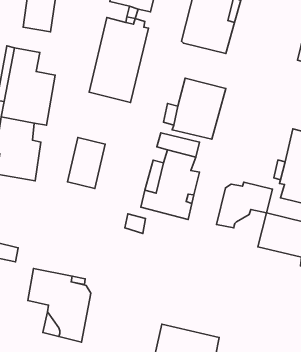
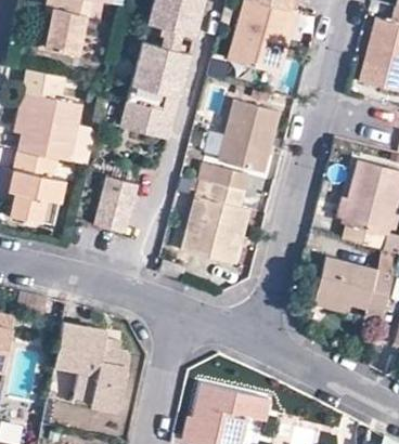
building: [217,182,273,228] -> none

